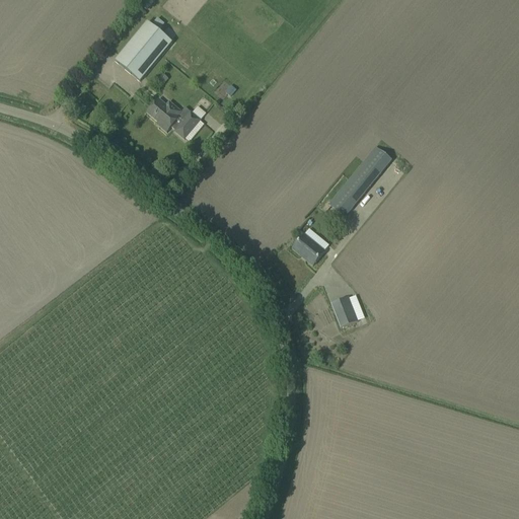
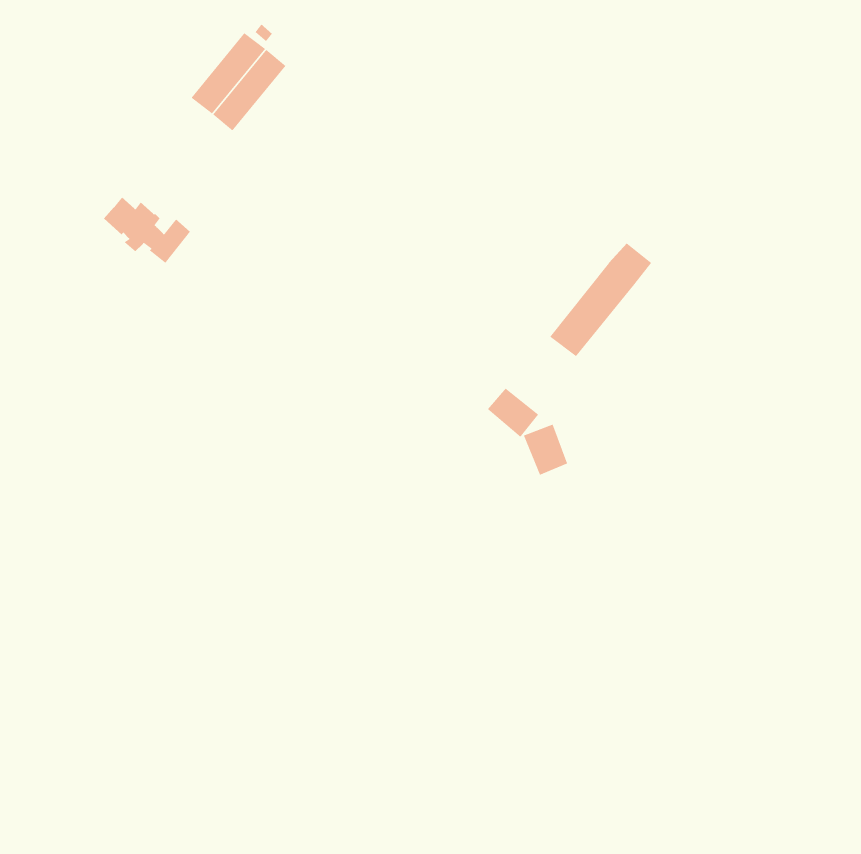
building: [147,96,200,137] -> [103,197,191,264]
building: [330,295,358,326] -> [523,423,568,476]

